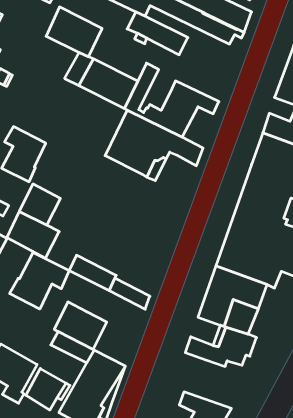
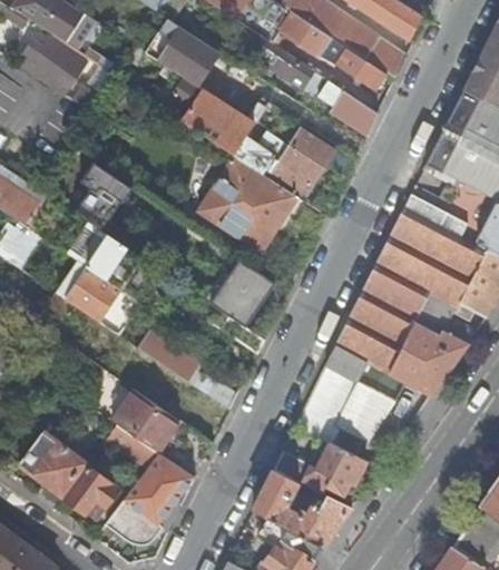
building: none -> [319,80,378,137]
building: none -> [206,265,273,327]
building: [10,253,69,309] -> none
building: none -> [252,470,350,547]

